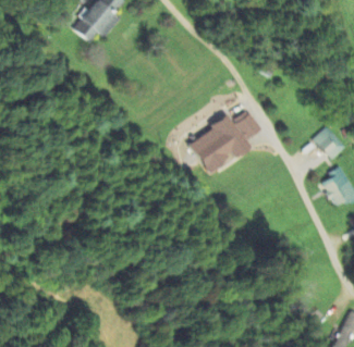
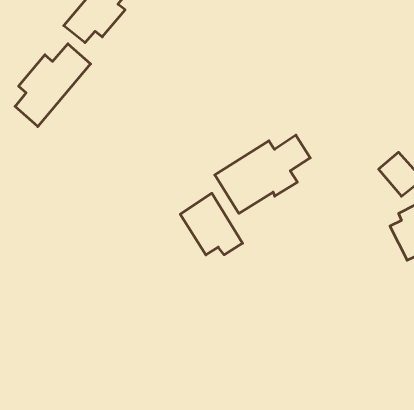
building: none -> [15,44,91,127]
building: none -> [180,193,243,255]

